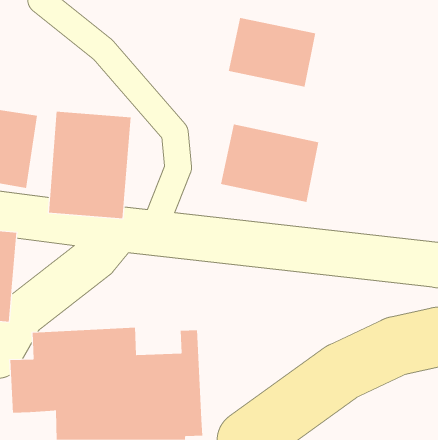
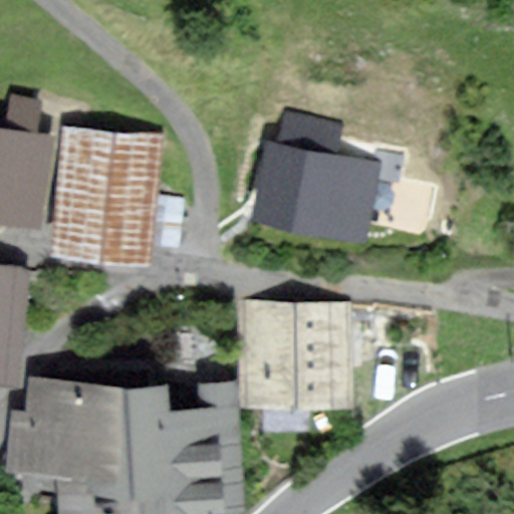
building: [228,17,316,87] -> none
building: none -> [245,305,347,399]

